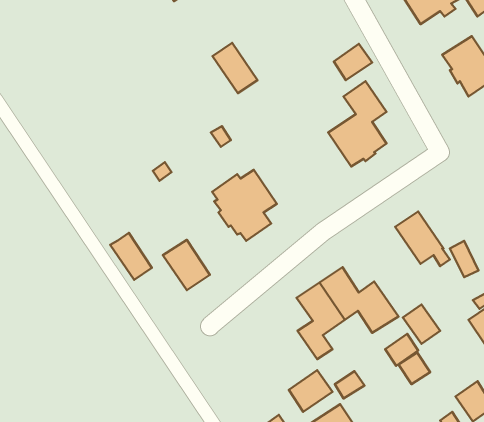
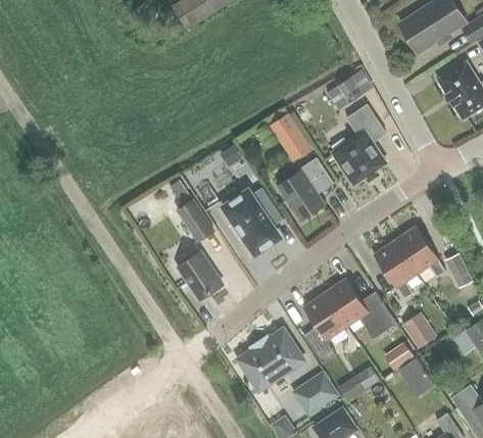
building: [212,43,257,93] -> [270,116,311,163]
building: none -> [278,157,334,220]
building: none -> [373,240,418,299]
building: [110,233,152,280] -> [176,198,214,242]
building: none -> [240,331,301,388]

